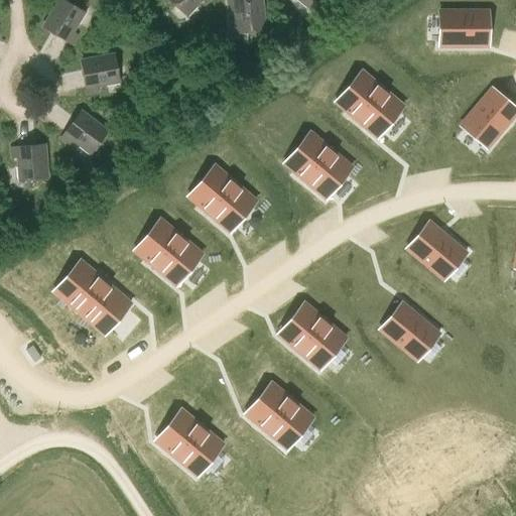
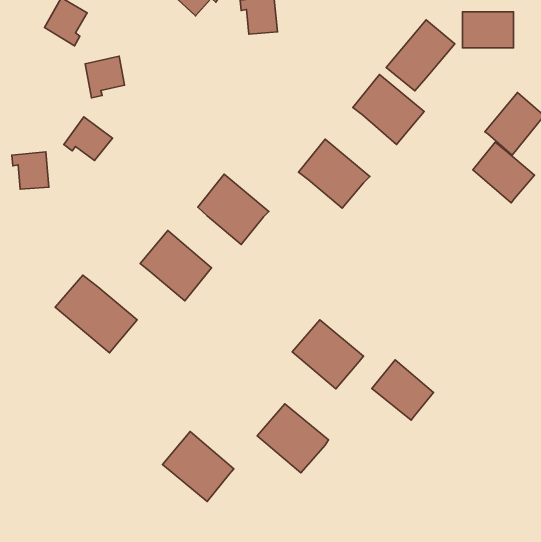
building: none -> [386,20,455,91]
building: [408,222,467,279] -> [473,142,535,203]
building: [381,302,439,360] -> [372,360,433,420]

